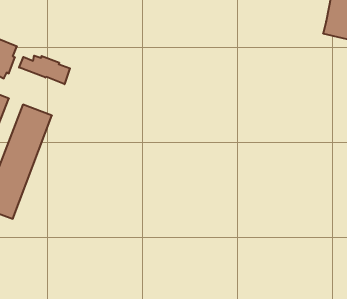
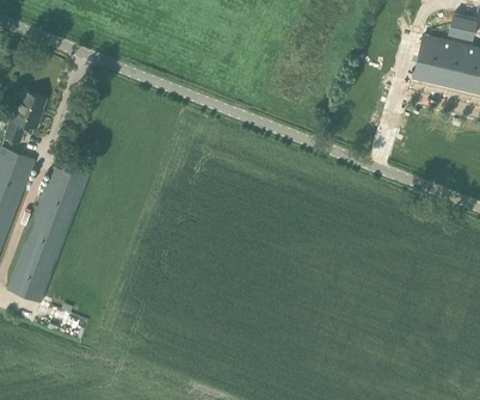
building: [19,56,70,84] -> none

